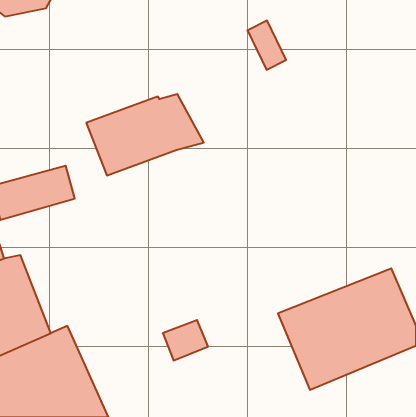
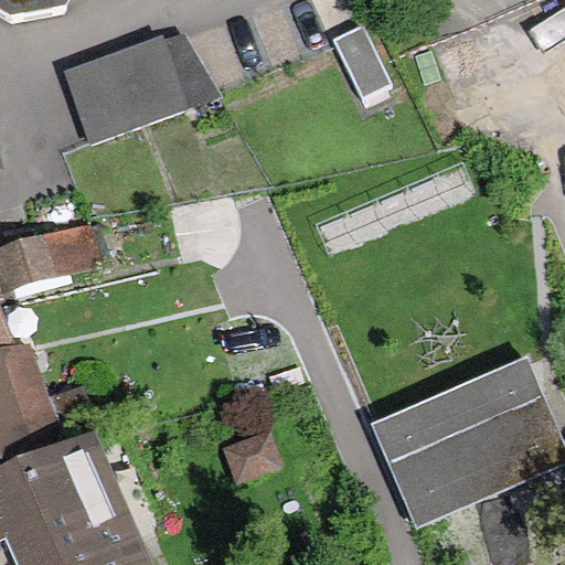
building: [86,94,204,175] -> [62,34,220,143]

